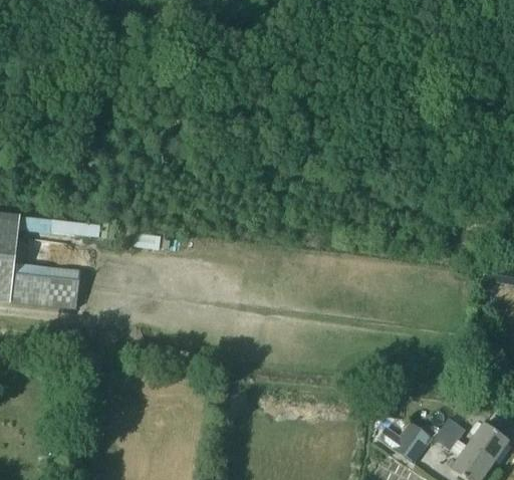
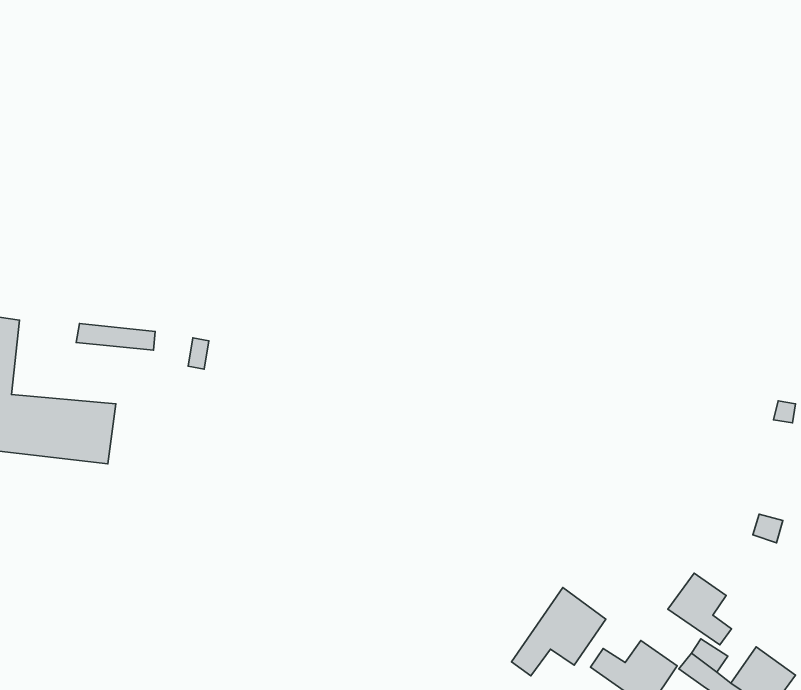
building: none -> [668,573,731,645]
building: none -> [512,588,606,676]

